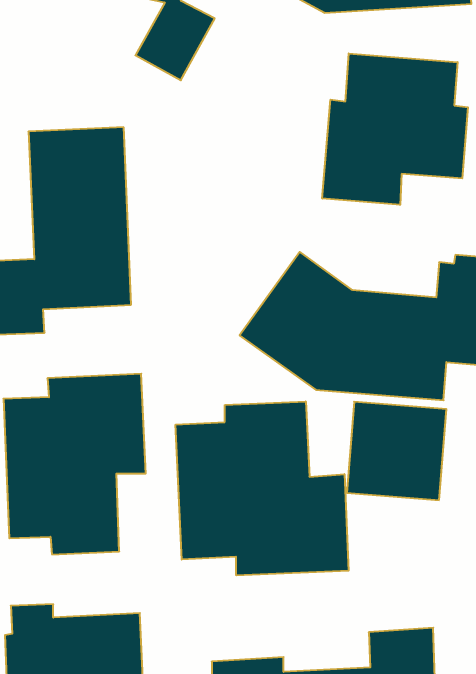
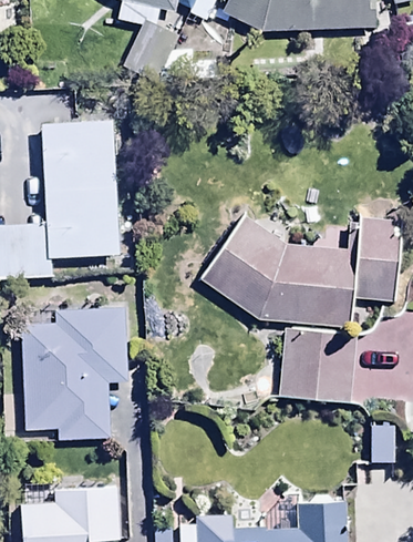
building: [322,53,468,205] -> none
building: [176,401,349,575] -> none

